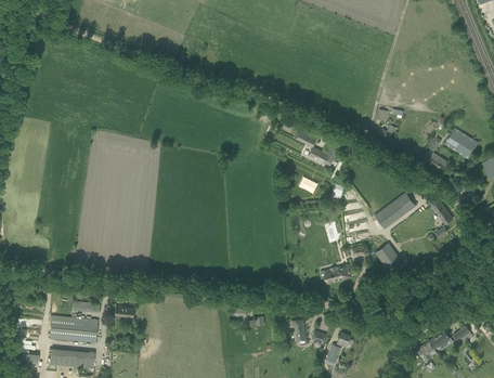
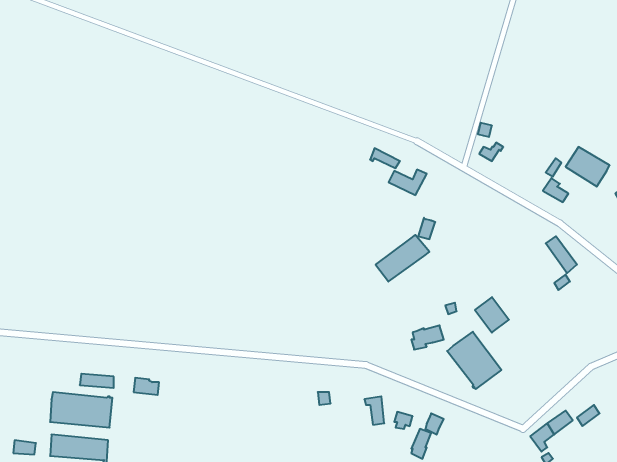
building: [375,192,416,227] -> [376,235,429,282]
building: none -> [447,332,501,389]

